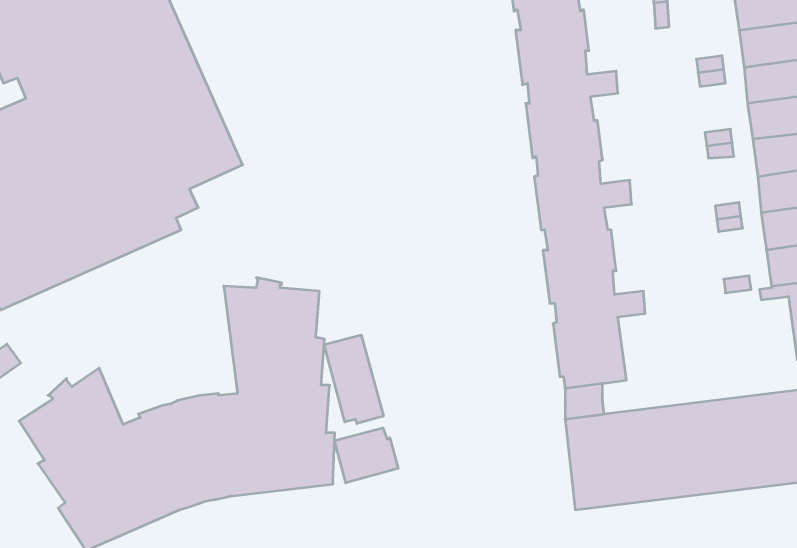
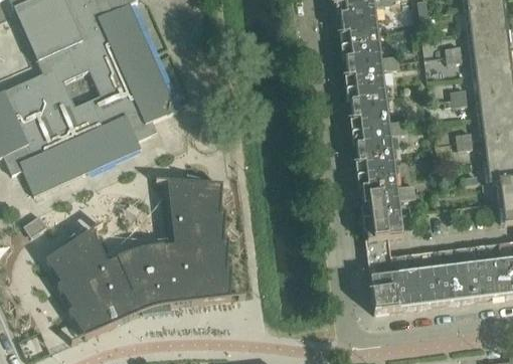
building: [324,335,383,424] -> none
building: [334,428,398,483] -> none

